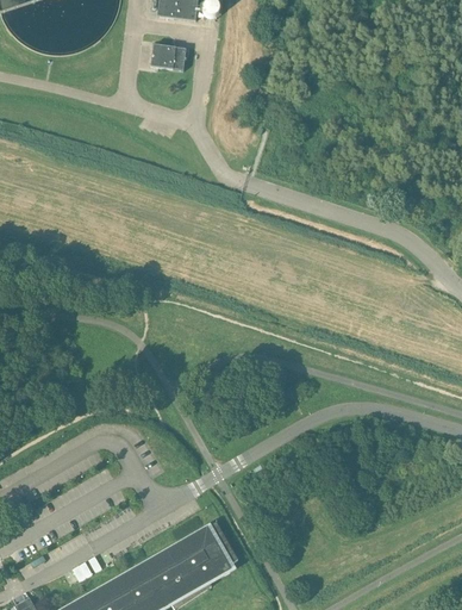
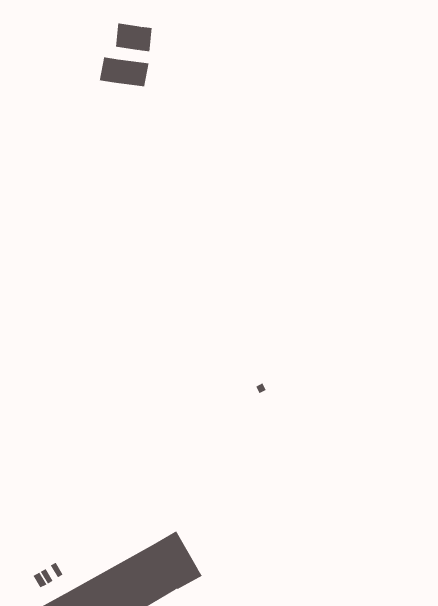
building: none -> [99,57,149,87]

